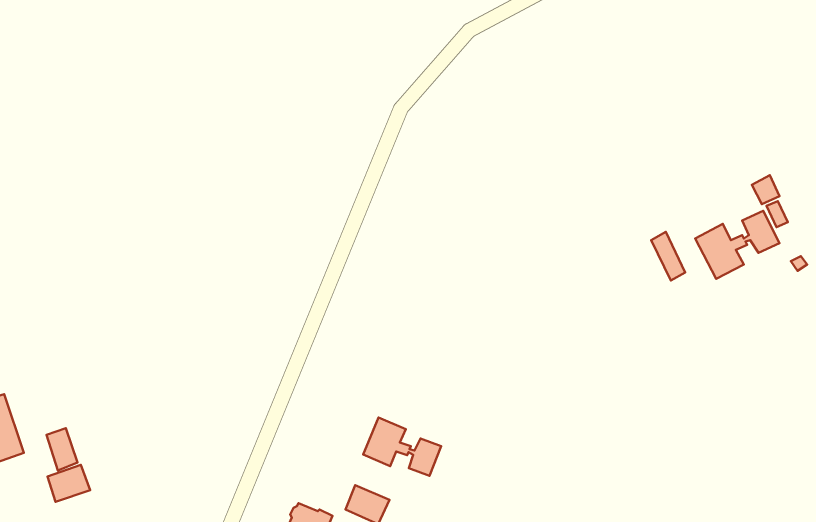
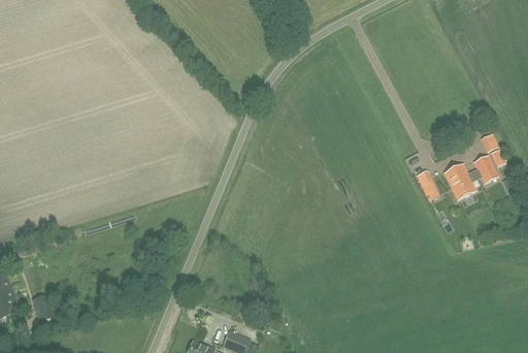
building: [363,418,441,476] -> none
building: [48,465,90,502] -> none

